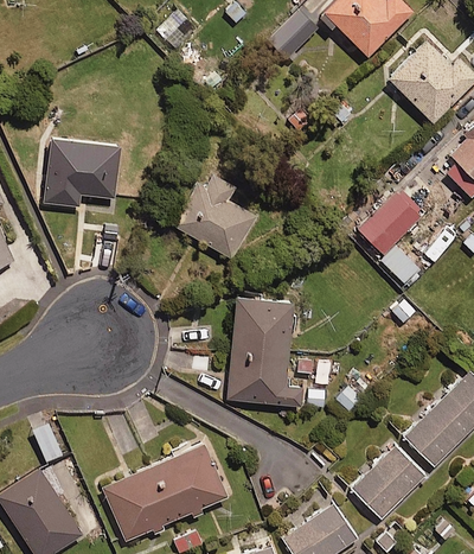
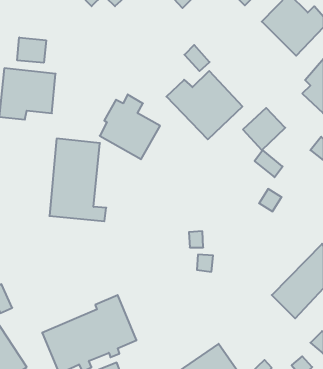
building: none -> [17,37,46,63]
building: none -> [166,71,242,139]
building: [228,297,302,406] -> [49,139,106,221]
building: [352,446,424,520] -> none

